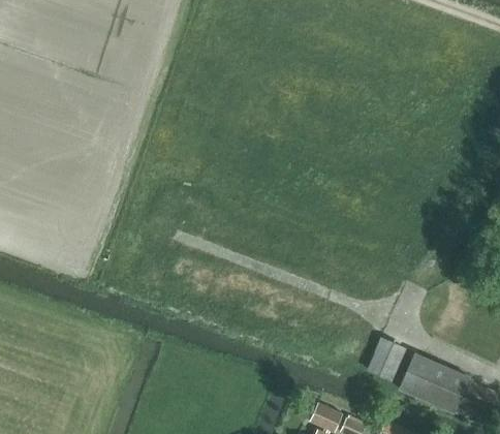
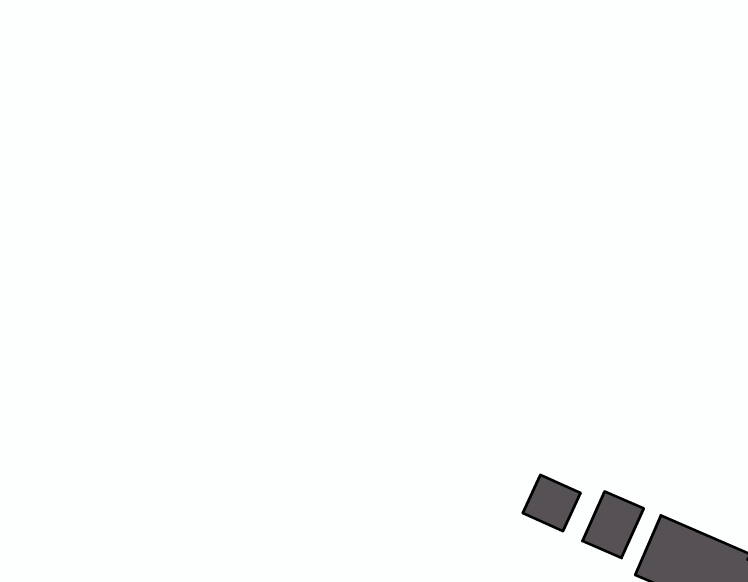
building: none -> [523,475,580,531]

